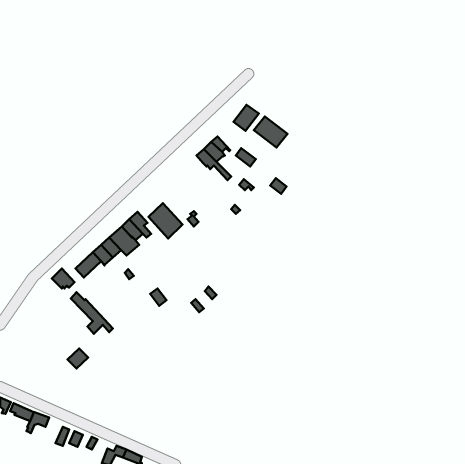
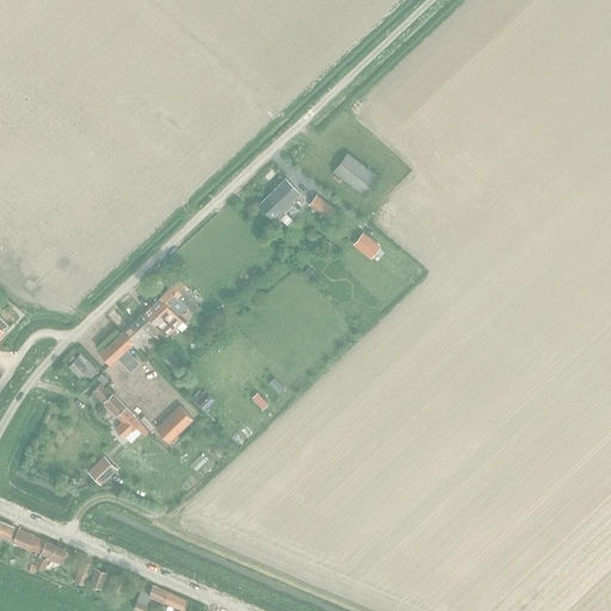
building: [233,105,259,131] -> none
building: [149,203,183,238] -> none
building: none -> [155,406,192,443]

